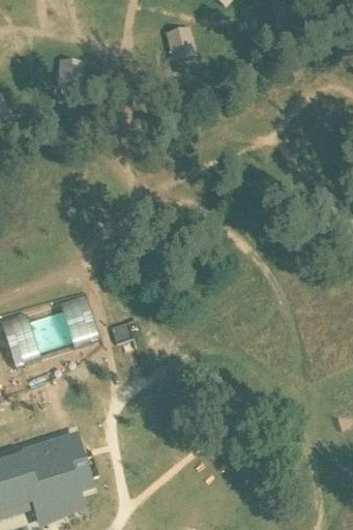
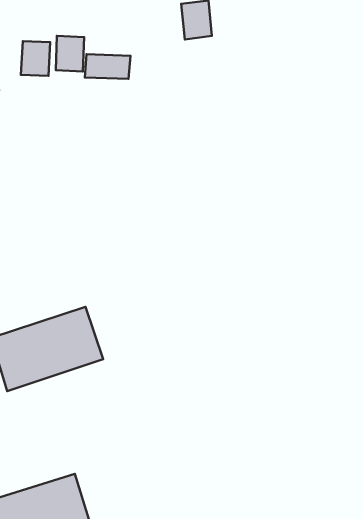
building: none -> [21,41,50,76]
building: none -> [85,54,130,79]

